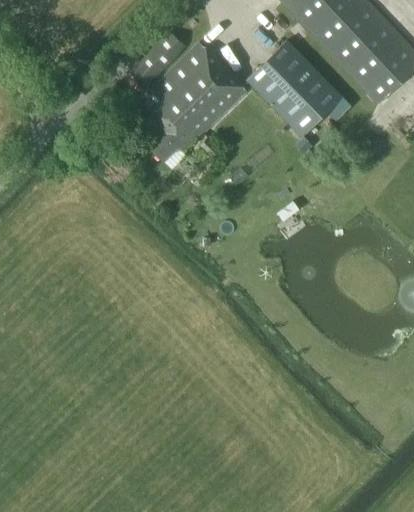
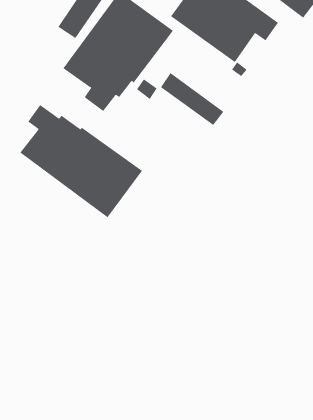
building: none -> [160,72,224,126]
building: none -> [20,104,143,218]

